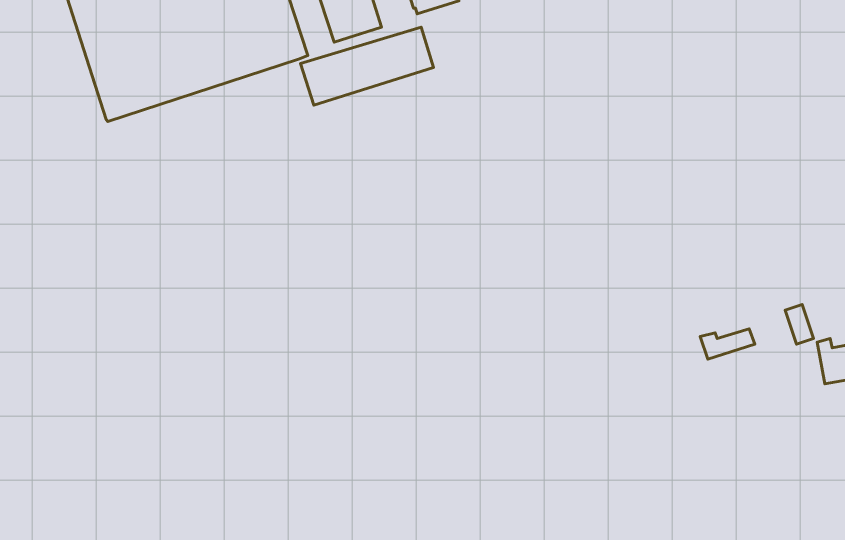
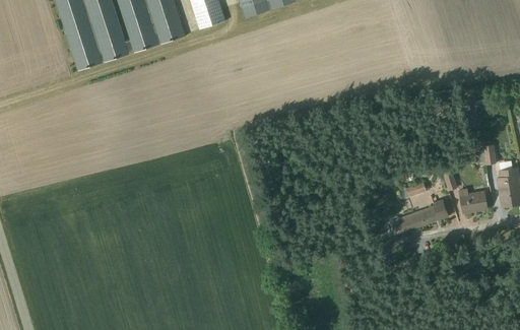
building: [300,27,434,105] -> none
building: none -> [391,195,448,236]

